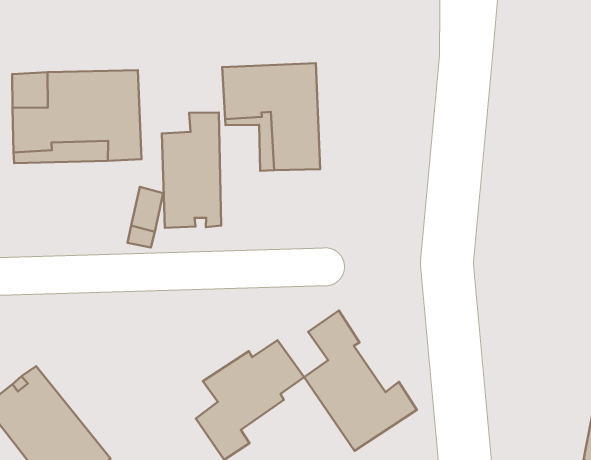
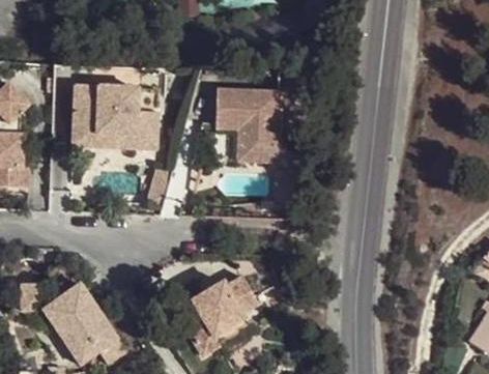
building: [162,112,221,228] -> none
building: [304,311,417,451] -> none

